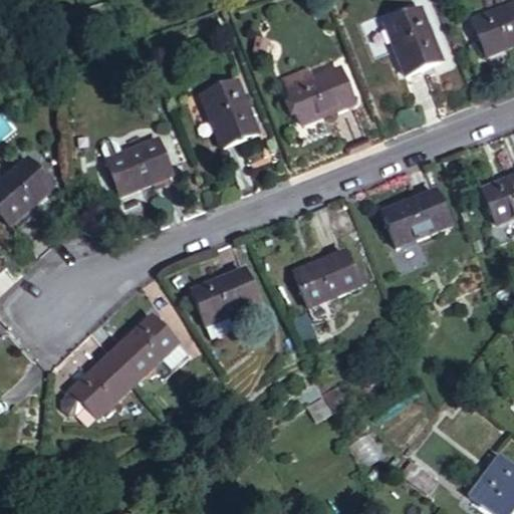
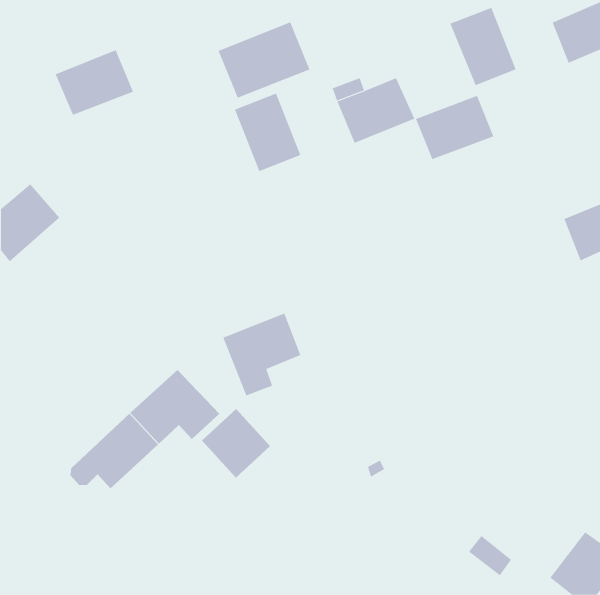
building: none -> [218,22,310,99]
building: [107,137,175,193] -> [55,50,134,115]
building: [382,190,450,245] -> [415,95,494,160]
building: [293,249,360,322] -> none
building: none -> [201,408,271,479]

